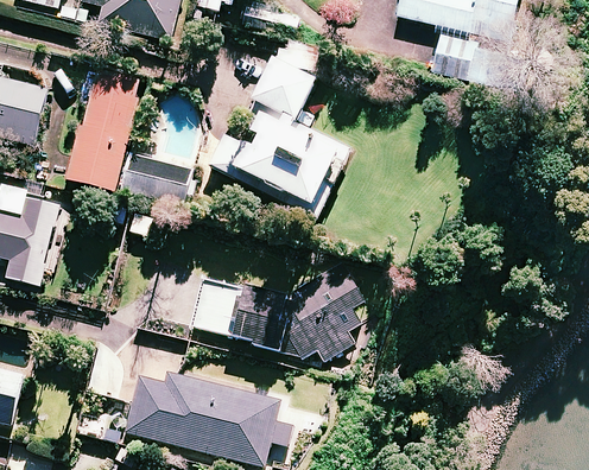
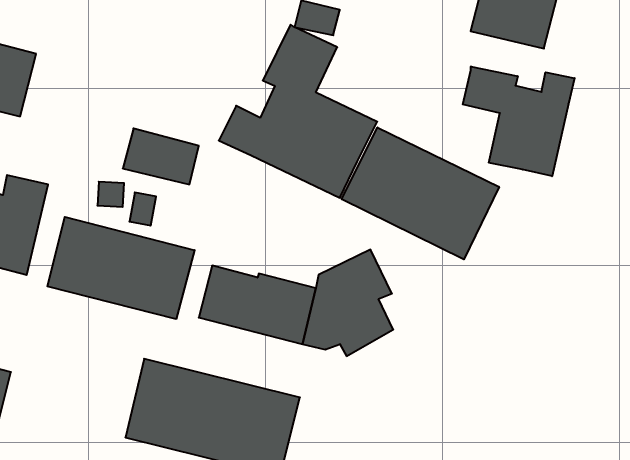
building: [65,70,139,192] -> none
building: none -> [463,66,575,176]
building: none -> [342,127,499,259]
building: none -> [47,217,195,319]

